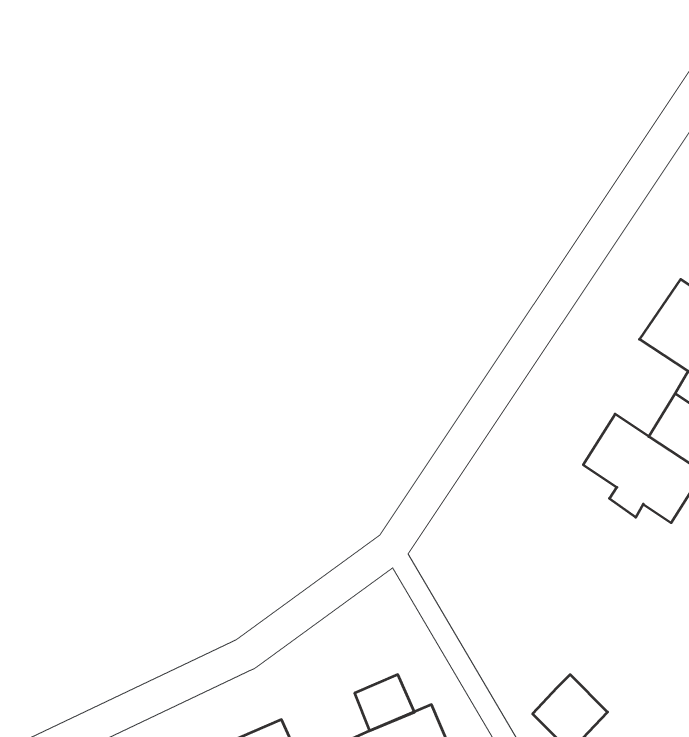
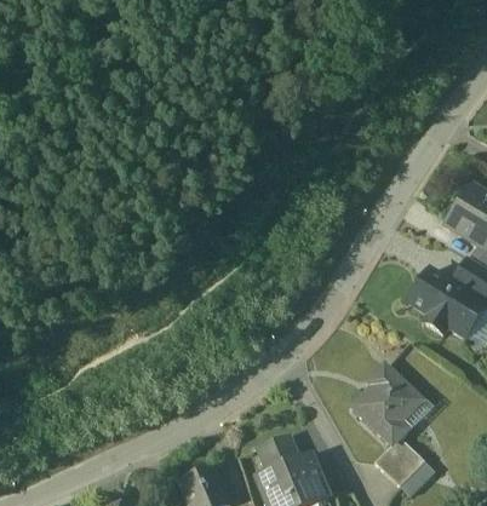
building: none -> [351,362,423,445]

